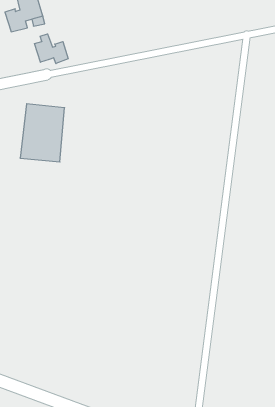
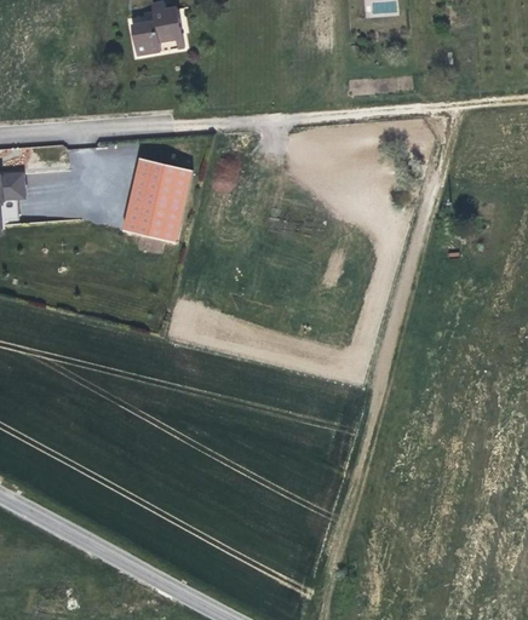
building: [34,34,68,64] -> none

